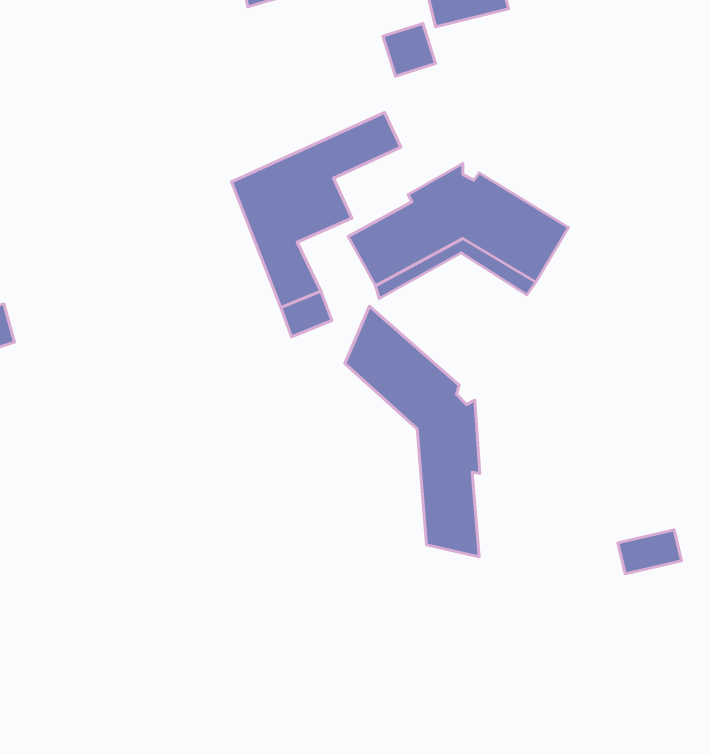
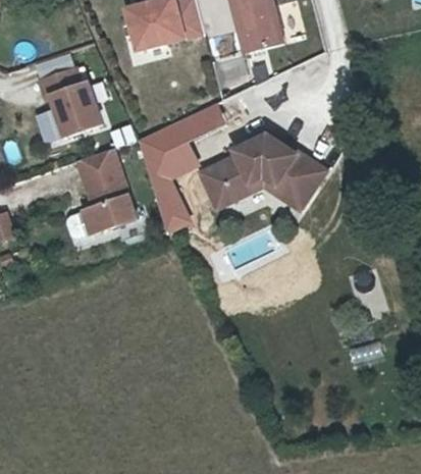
building: none -> [38,69,99,138]
building: none -> [74,150,133,234]
building: [345,306,480,557] -> none

